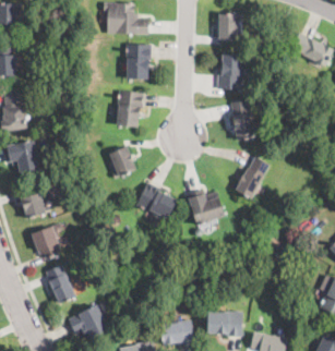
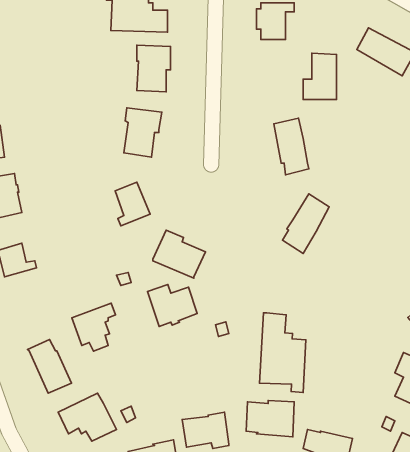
building: [216,53,241,88] -> [303,53,337,100]
building: [188,193,225,225] -> [148,284,197,327]
building: [31,223,63,259] -> [72,303,115,351]
building: none -> [259,313,306,392]

